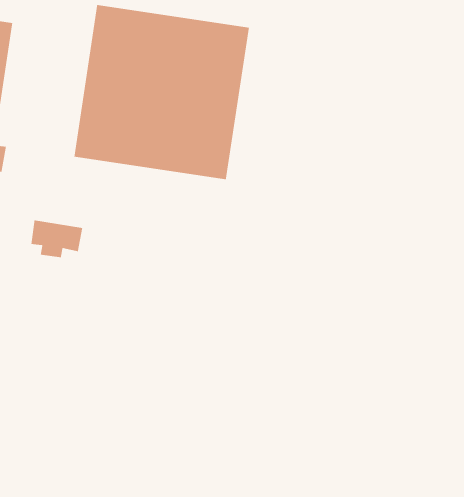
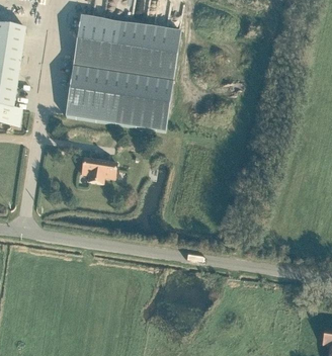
building: [31,220,83,258] -> [82,157,116,182]

